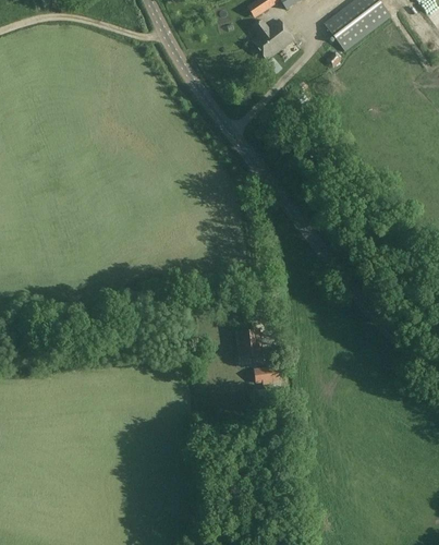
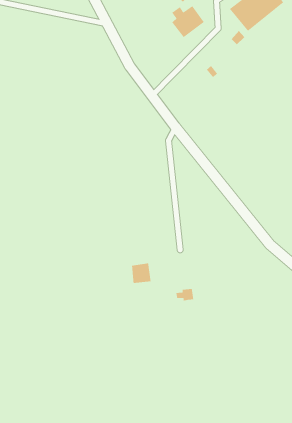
building: [237,328,263,354] -> [131,262,152,284]

